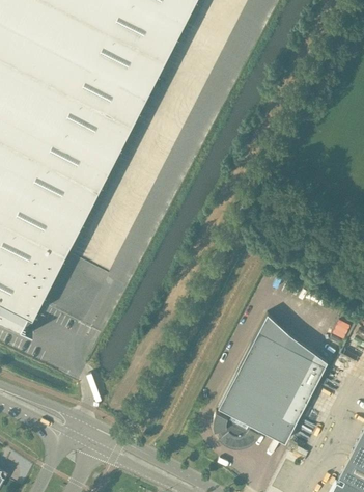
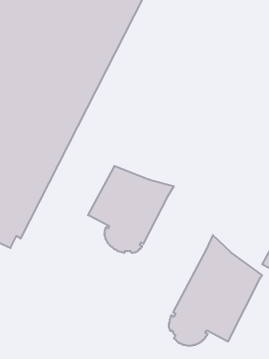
building: none -> [88,166,174,253]

